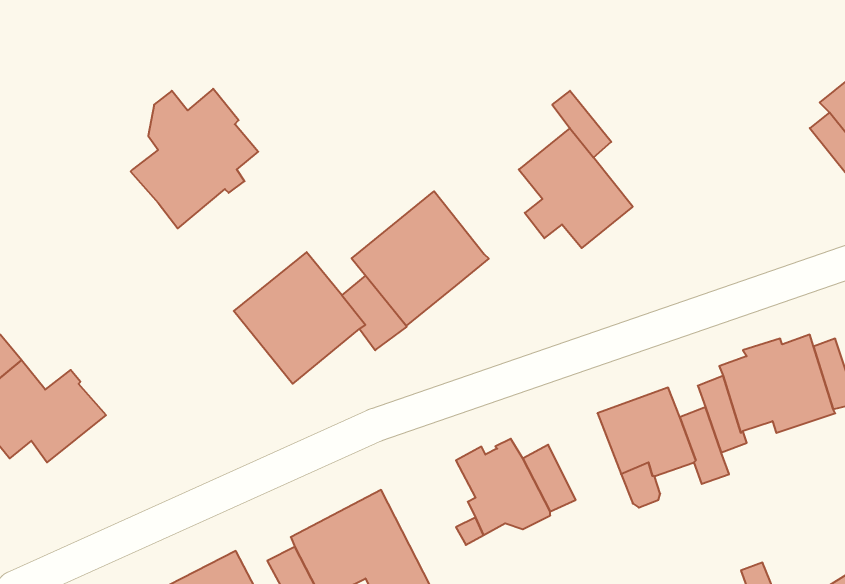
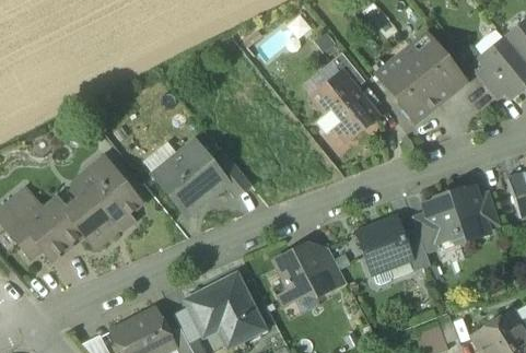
building: none -> [376,40,465,121]
building: [131,89,258,228] -> [68,169,139,247]
building: [352,191,489,326] -> none

